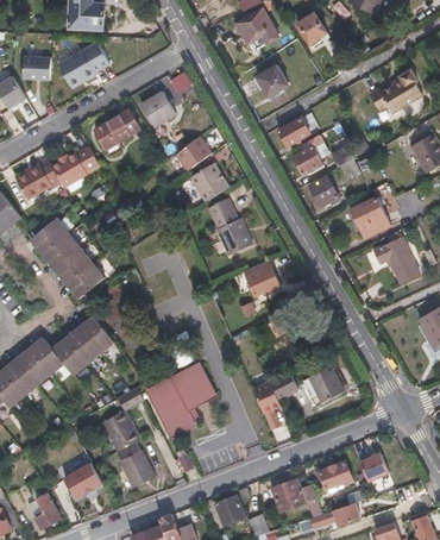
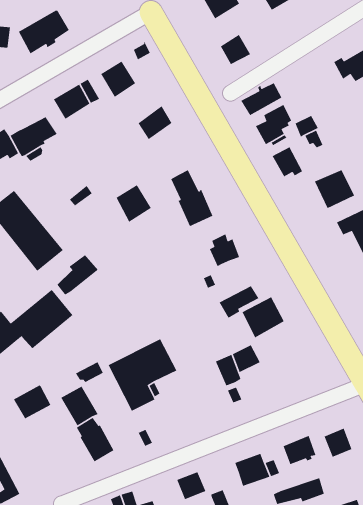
building: [191,163,227,201] -> [116,184,152,223]
building: none -> [56,254,99,295]
building: [301,365,344,407] -> [241,296,285,338]
building: [63,464,101,498] -> [13,385,51,420]

